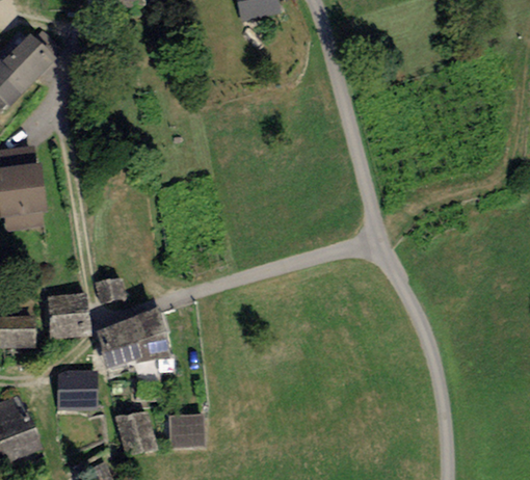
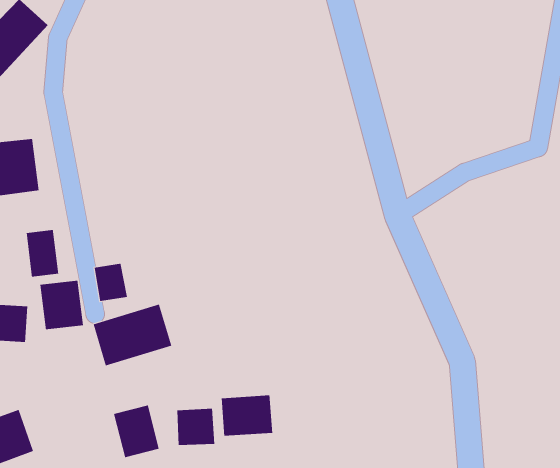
building: none -> [26,229,59,277]
building: [57,370,97,406] -> none
building: none -> [221,395,273,436]

